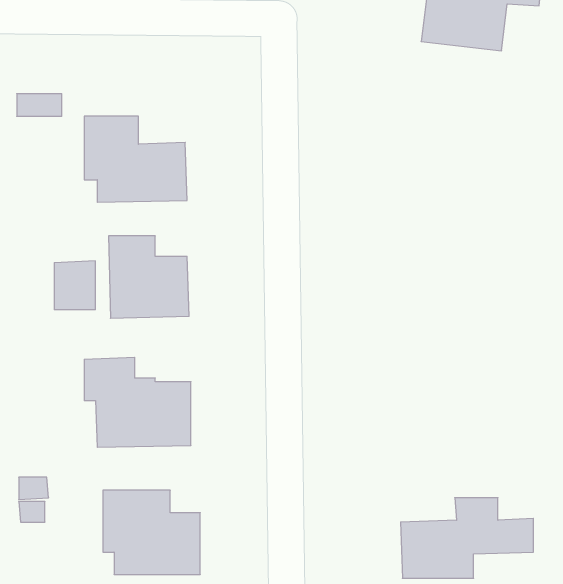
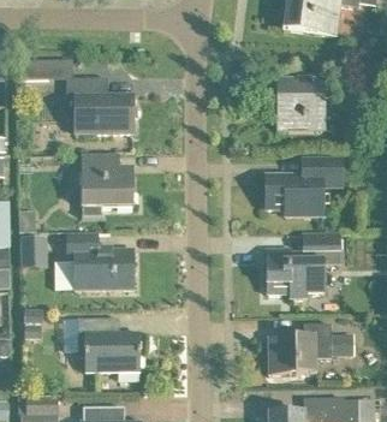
building: none -> [274,81,325,131]
building: none -> [264,156,341,215]
building: [54,261,95,310] -> [19,234,46,266]
building: none -> [267,231,340,298]

